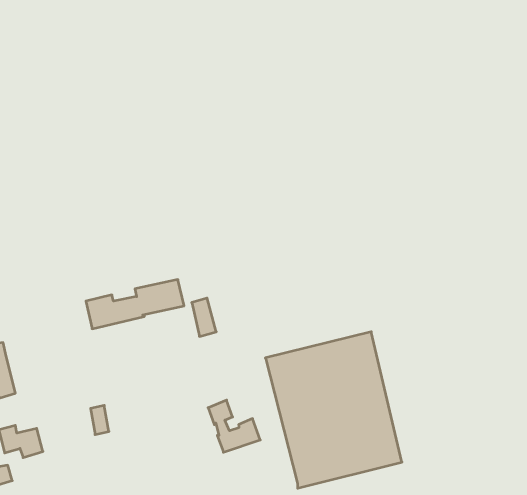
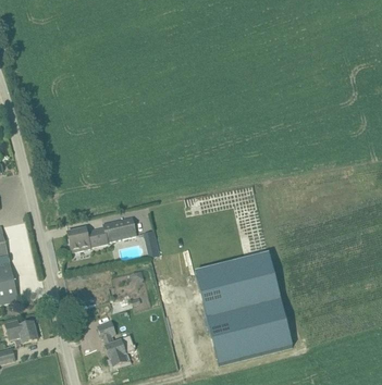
building: [208,400,260,452] -> [98,321,135,358]

